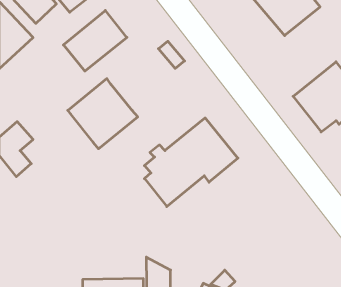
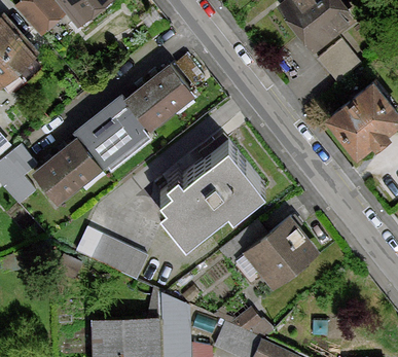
building: [63,10,127,71] -> [123,66,193,133]
building: none -> [319,41,361,83]
building: none -> [33,137,104,205]
building: none -> [222,216,318,289]
building: none -> [78,229,147,280]

